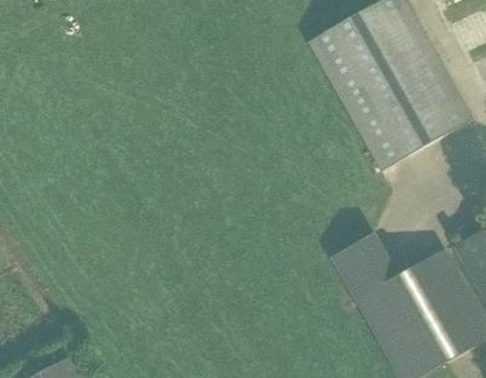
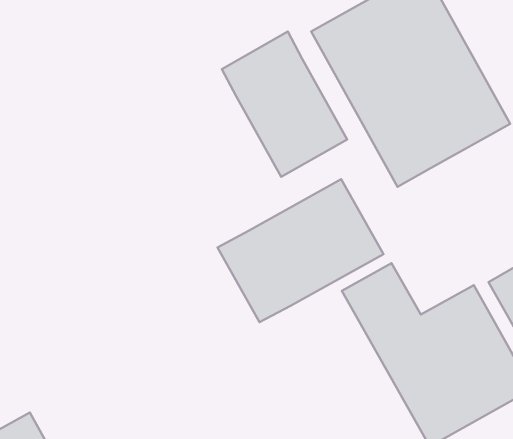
building: none -> [222,32,347,177]
building: none -> [217,179,383,322]

